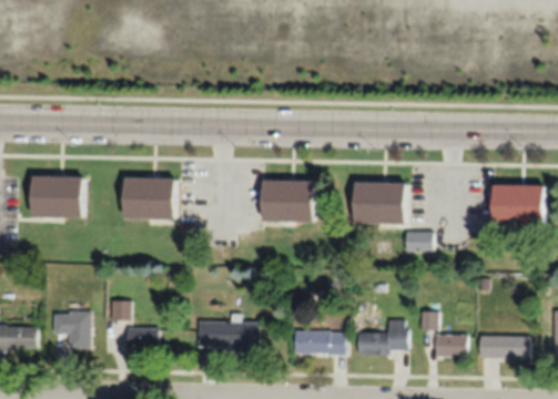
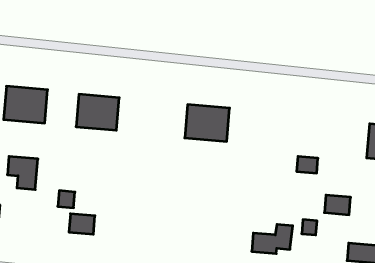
building: [354,181,407,223] -> none
building: [54,310,91,349] -> [7,156,38,190]
building: [197,321,258,347] -> none
building: [294,332,345,355] -> none
building: [435,334,466,356] -> [324,195,351,215]

